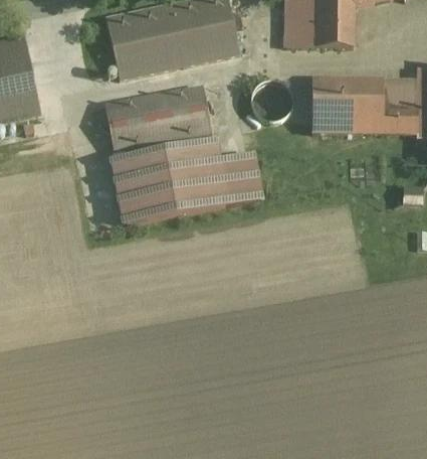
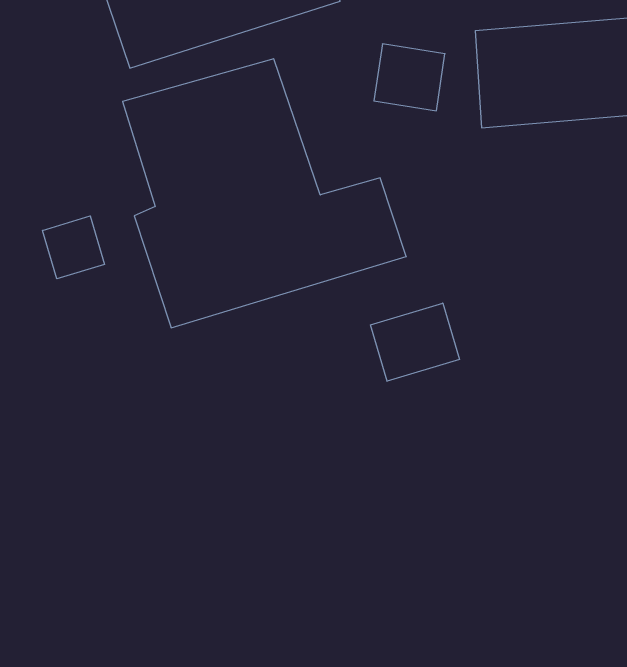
building: none -> [43,216,105,279]
building: none -> [370,303,459,381]

